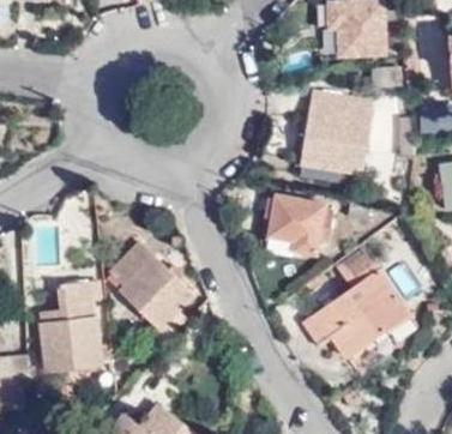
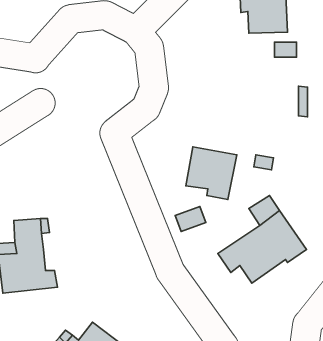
building: [300,92,369,187] -> none
building: [110,241,192,336] -> none

